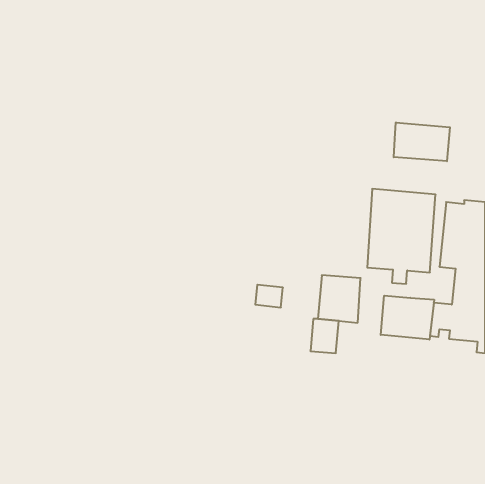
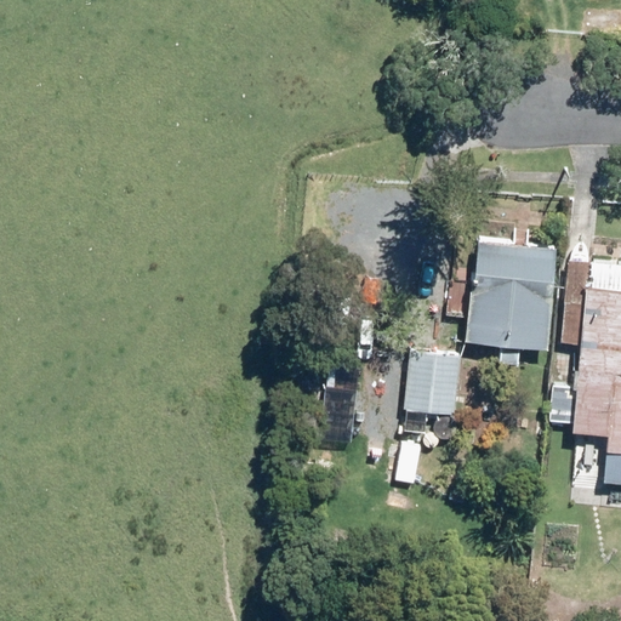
building: [394,122,450,161] -> none
building: [381,296,434,340] -> none

